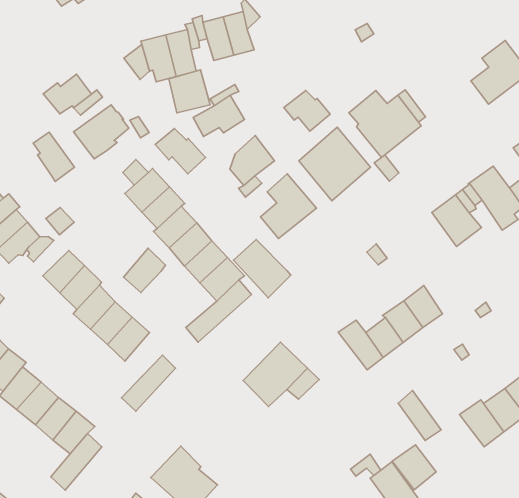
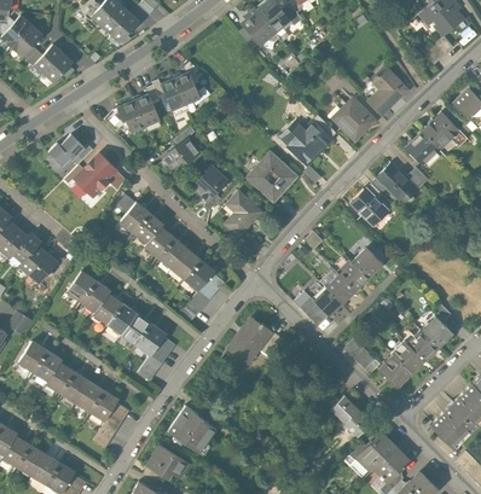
building: [169,70,210,113] -> none
building: none -> [330,94,378,143]
building: [284,91,330,131] -> none
building: [155,128,206,174] -> none
building: [33,132,75,181] -> none
building: [234,239,291,298] -> none
building: [123,248,165,292] -> [135,321,166,355]
building: none -> [352,245,384,278]
building: [392,445,436,490] -> [379,355,413,389]

